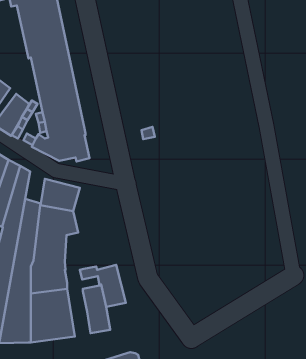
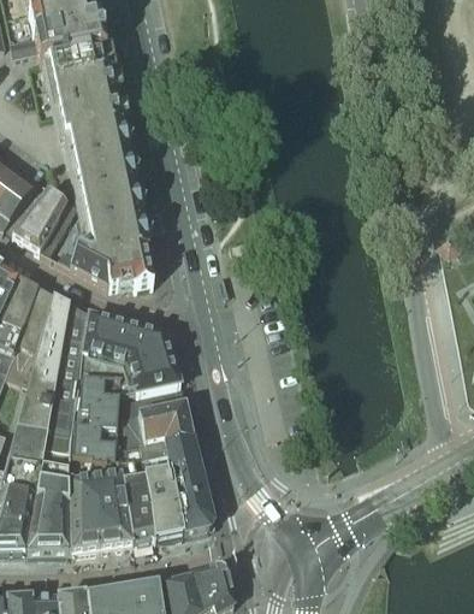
building: none -> [58,301,87,348]
building: none -> [128,325,178,390]
building: none -> [120,386,190,448]
building: none -> [119,462,153,542]
building: none -> [176,492,211,532]

